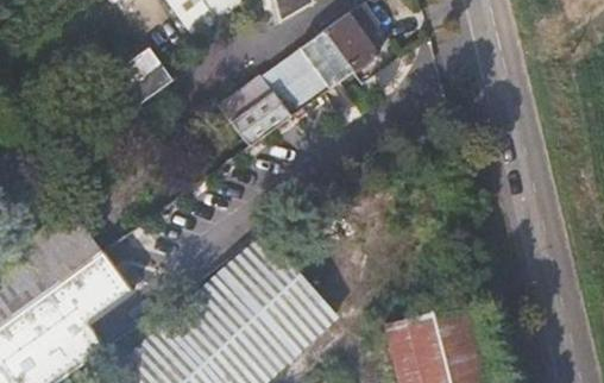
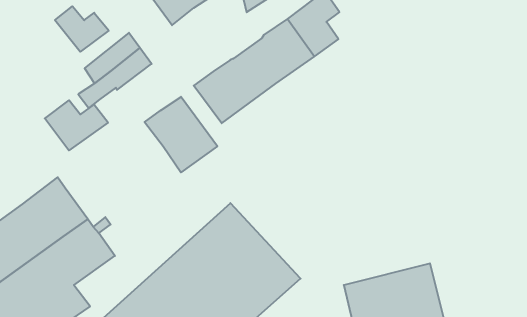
building: none -> [55,6,109,52]
building: none -> [145,97,217,172]
building: none -> [45,100,108,150]

